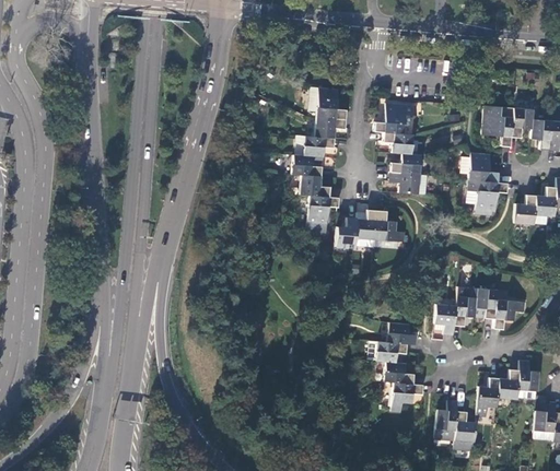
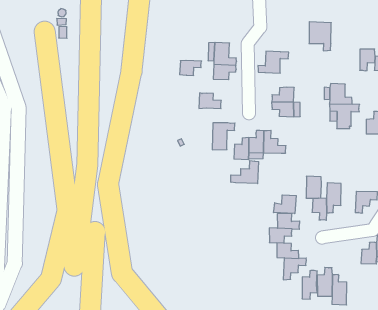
building: [482,104,514,144] -> [309,22,331,51]
building: [383,130,413,152] -> none
building: [304,134,335,155] -> [180,60,202,75]
building: [300,173,330,195] -> none
building: none -> [231,161,259,184]
building: [475,286,497,317] -> [306,176,321,198]
building: none -> [274,195,296,214]
building: [476,376,499,414] -> [302,270,317,299]

